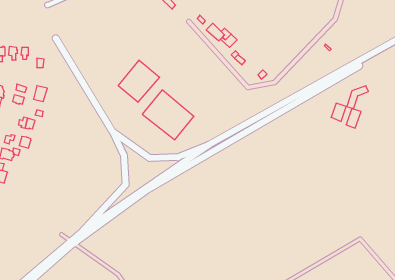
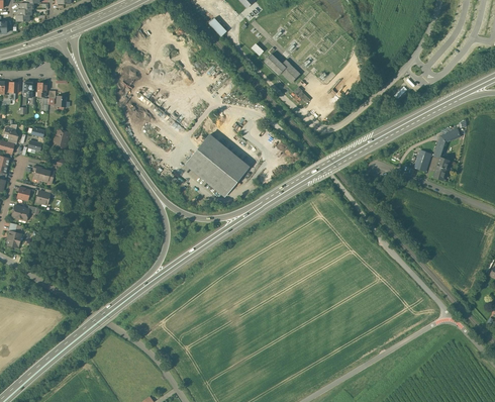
building: [118,60,160,102] -> none

